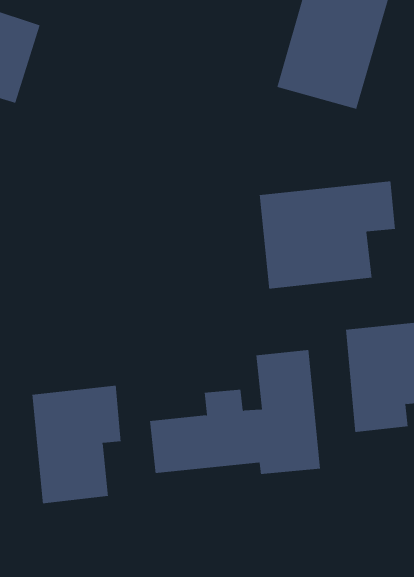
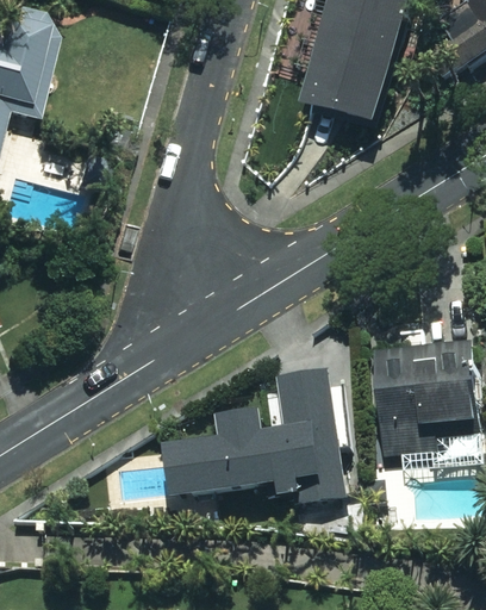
building: [259,180,395,290] -> none
building: [32,385,121,504] -> none

